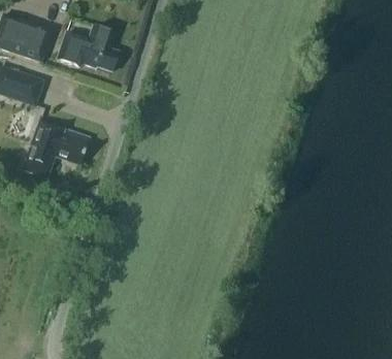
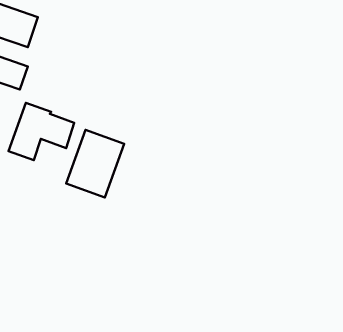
building: [57,25,119,70] -> none
building: none -> [66,130,124,197]

